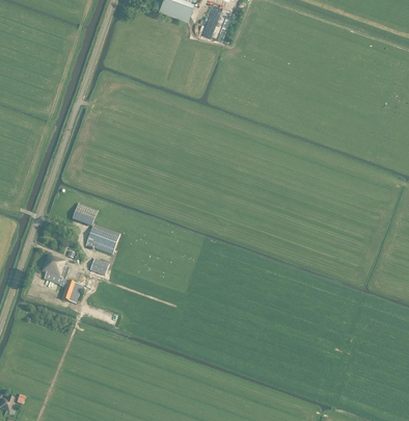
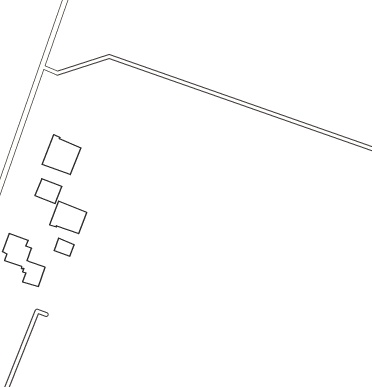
building: none -> [42,135,81,175]

